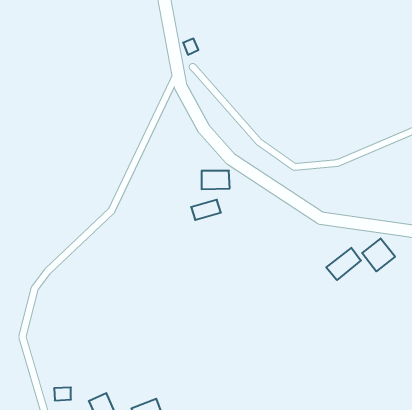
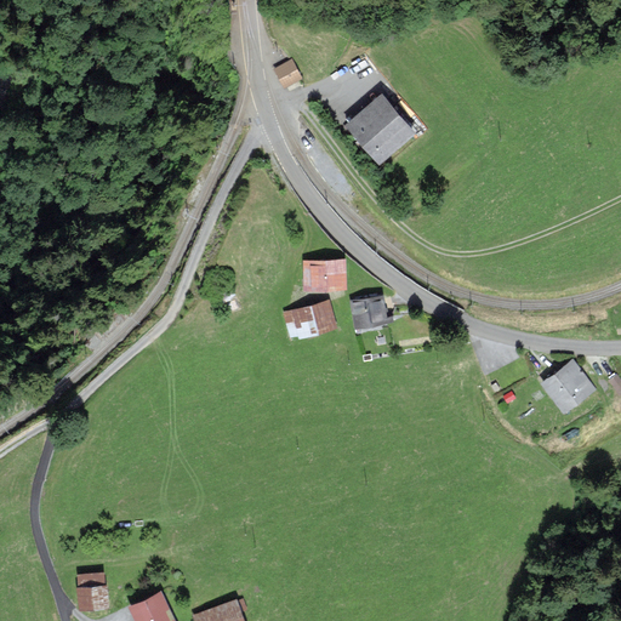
building: none -> [352,97,411,156]
building: none -> [351,296,383,326]
building: [326,248,361,280] -> none

